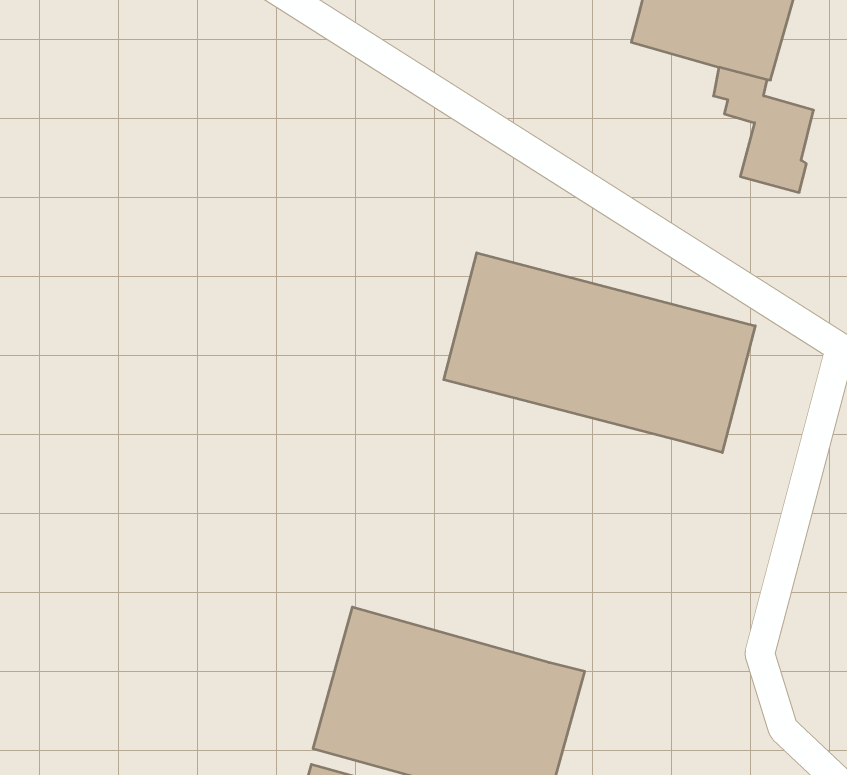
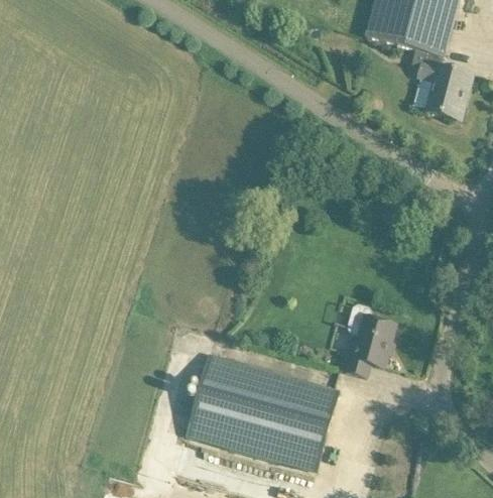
building: [444,253,755,453] -> none
building: none -> [344,302,394,377]

